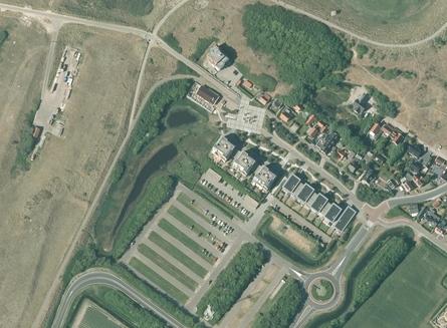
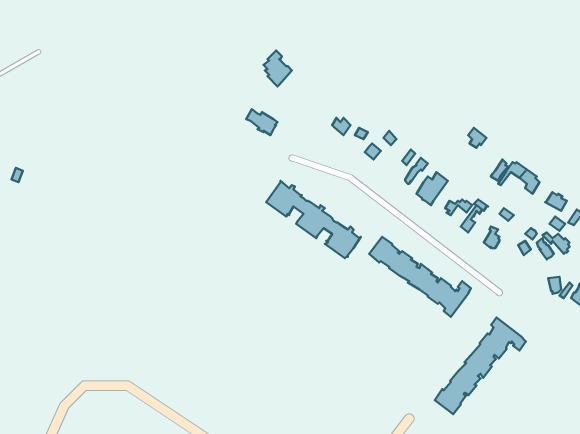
building: none -> [435,317,526,414]

